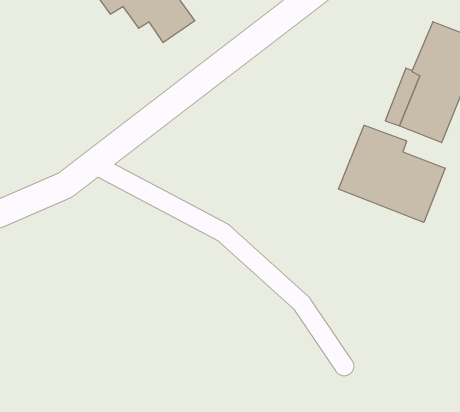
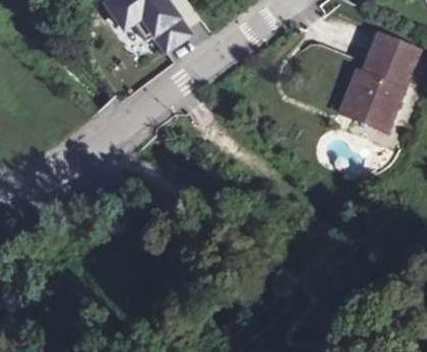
building: [338,125,445,222] -> none

